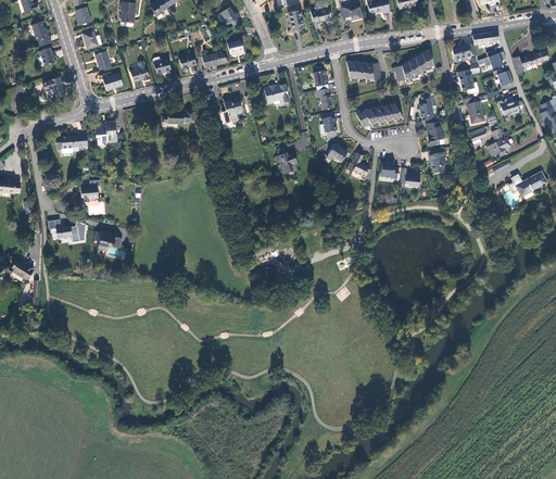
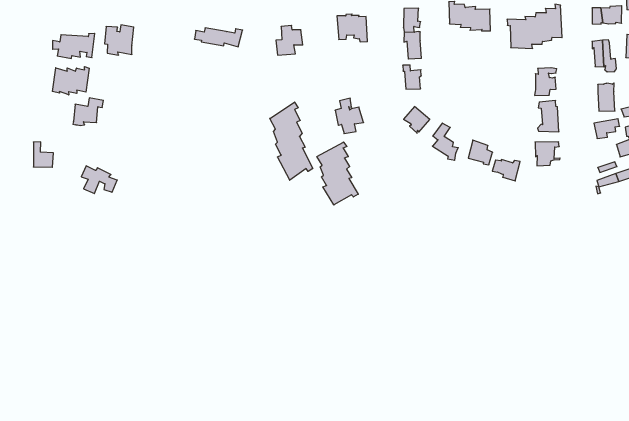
building: [355,103,401,127] -> none
building: none -> [270,102,313,180]
building: none -> [52,67,89,95]
building: none -> [317,142,358,205]

